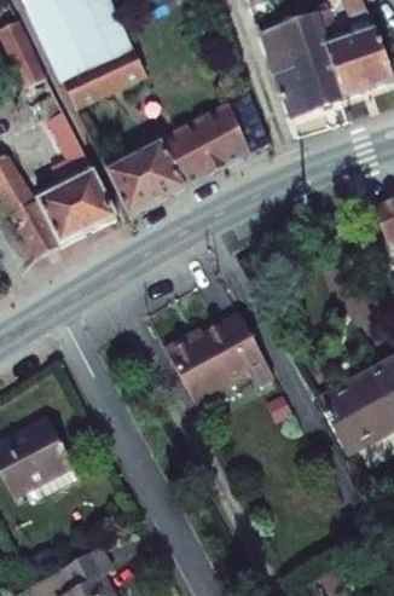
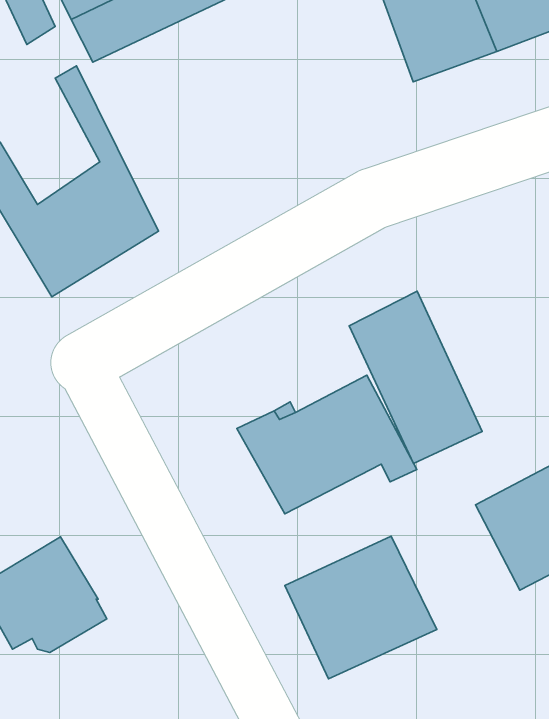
building: [83,97,244,210] -> none
building: none -> [349,291,482,463]
building: none -> [285,536,437,679]

